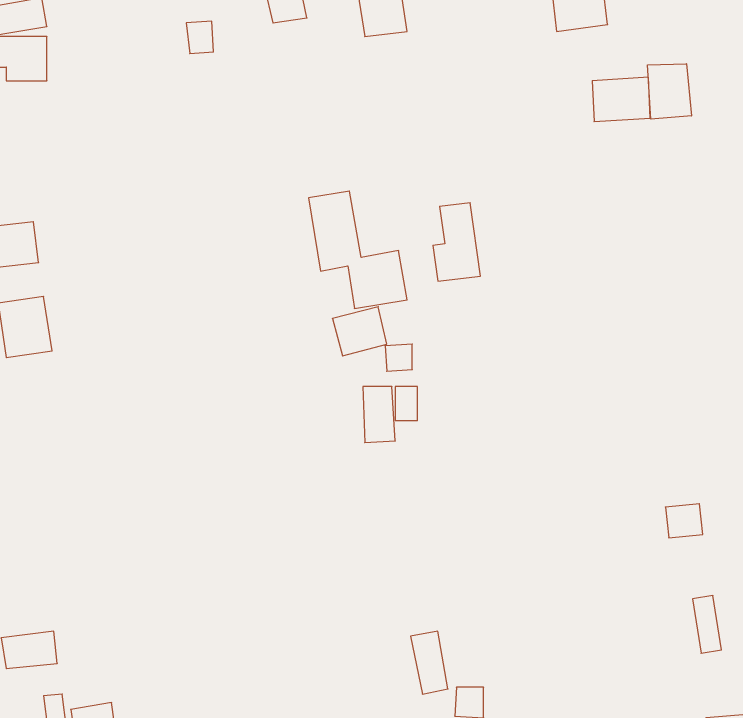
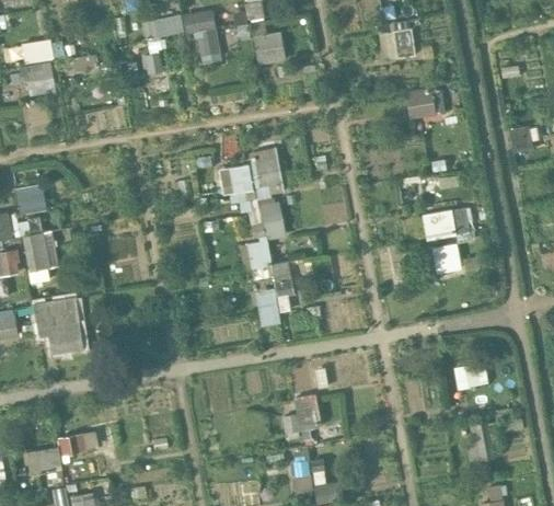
building: [648,64,691,119] -> none
building: [433,203,480,281] -> [253,149,284,199]
building: none -> [425,209,471,239]
building: none -> [436,244,461,274]
building: none -> [35,297,84,357]
building: none -> [280,393,321,436]
building: none -> [57,433,100,456]

